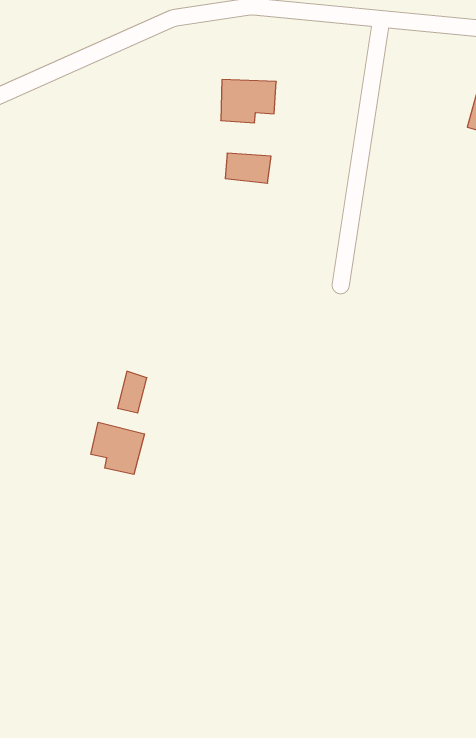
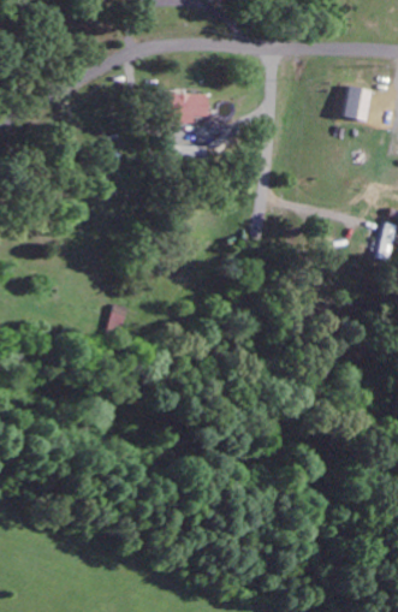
building: [91,422,145,474] -> none

